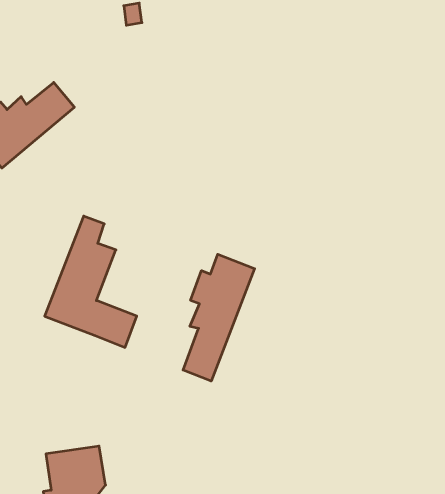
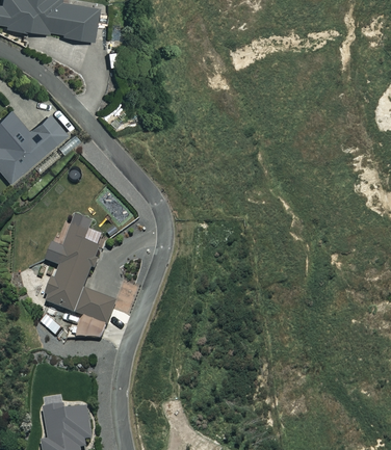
building: [183,254,255,381] -> none
building: none -> [75,316,107,338]

